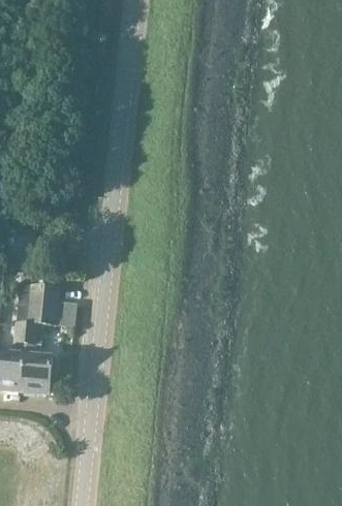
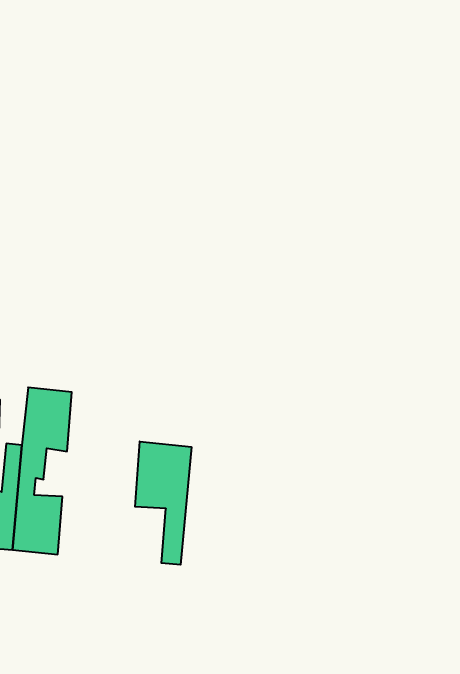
building: none -> [135,441,191,565]

